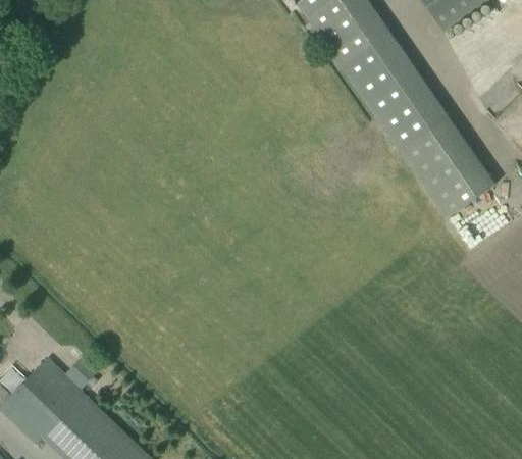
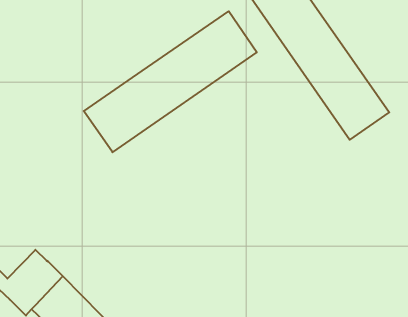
building: none -> [84,11,257,152]

